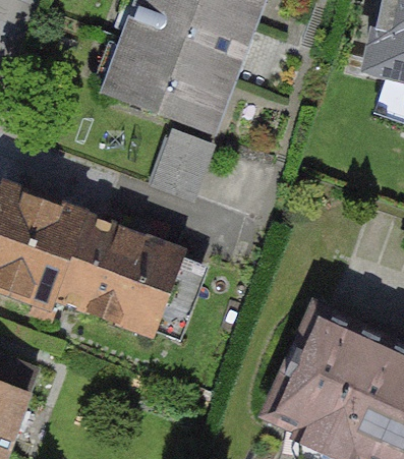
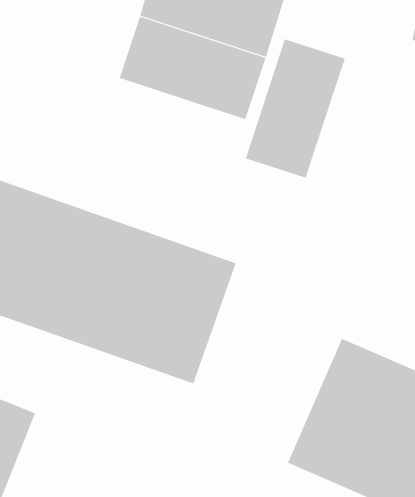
building: none -> [245,38,345,178]

